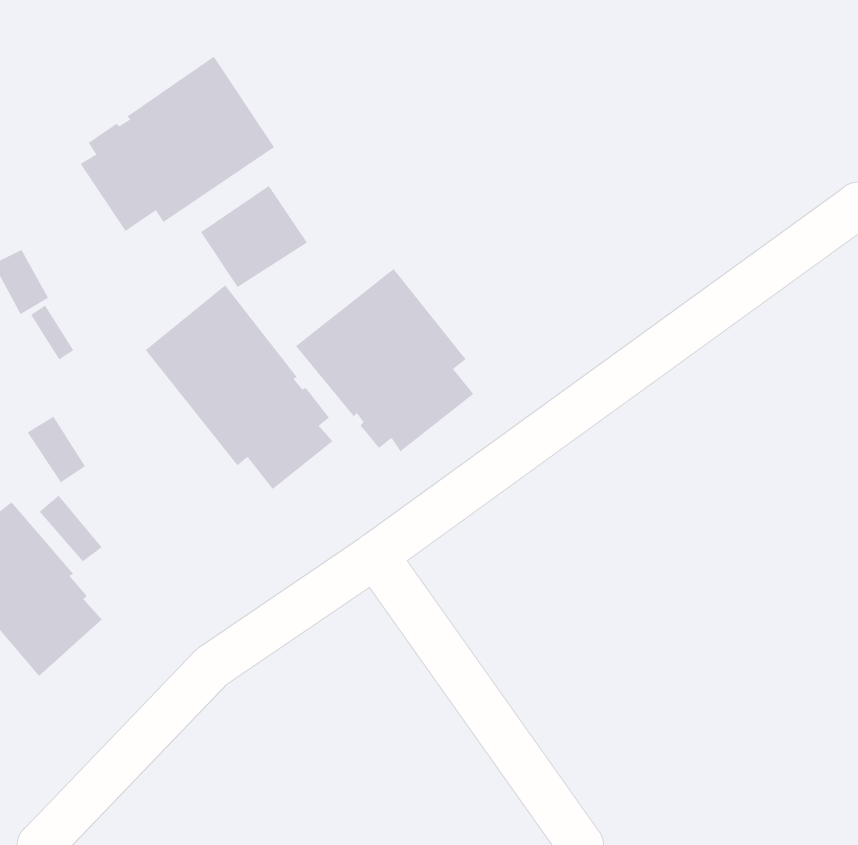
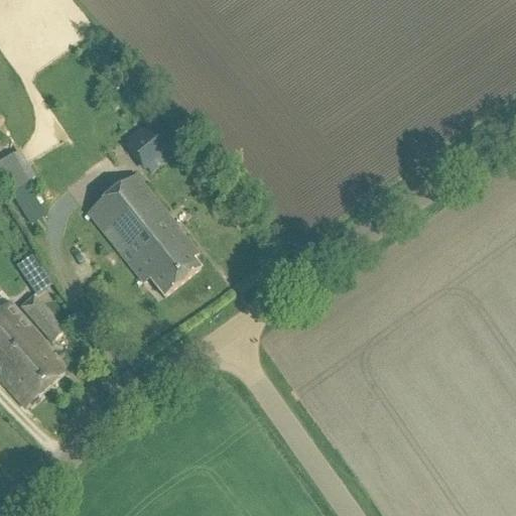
building: [80,56,275,232] -> none
building: [295,268,474,452] -> none

